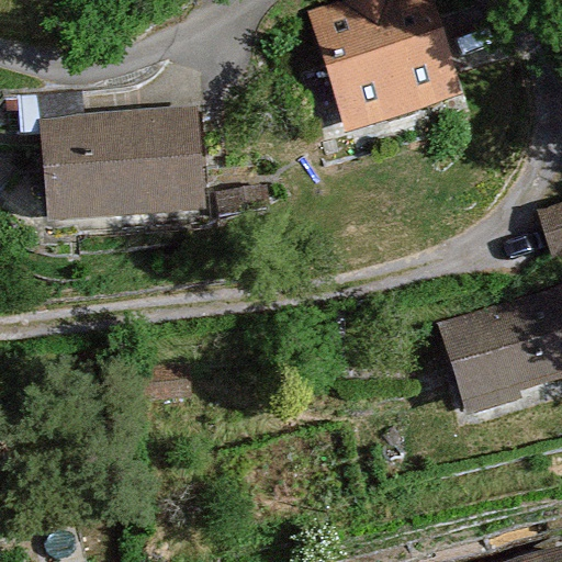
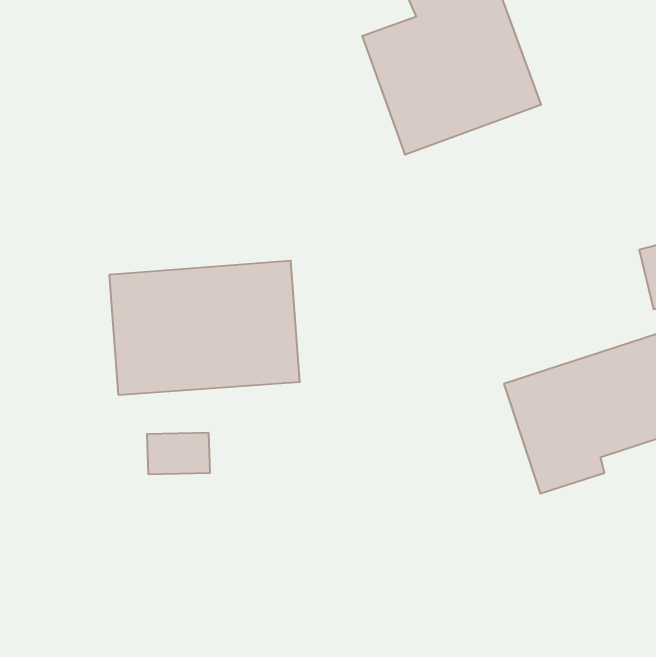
building: [43,104,205,218] -> [109,261,300,395]

